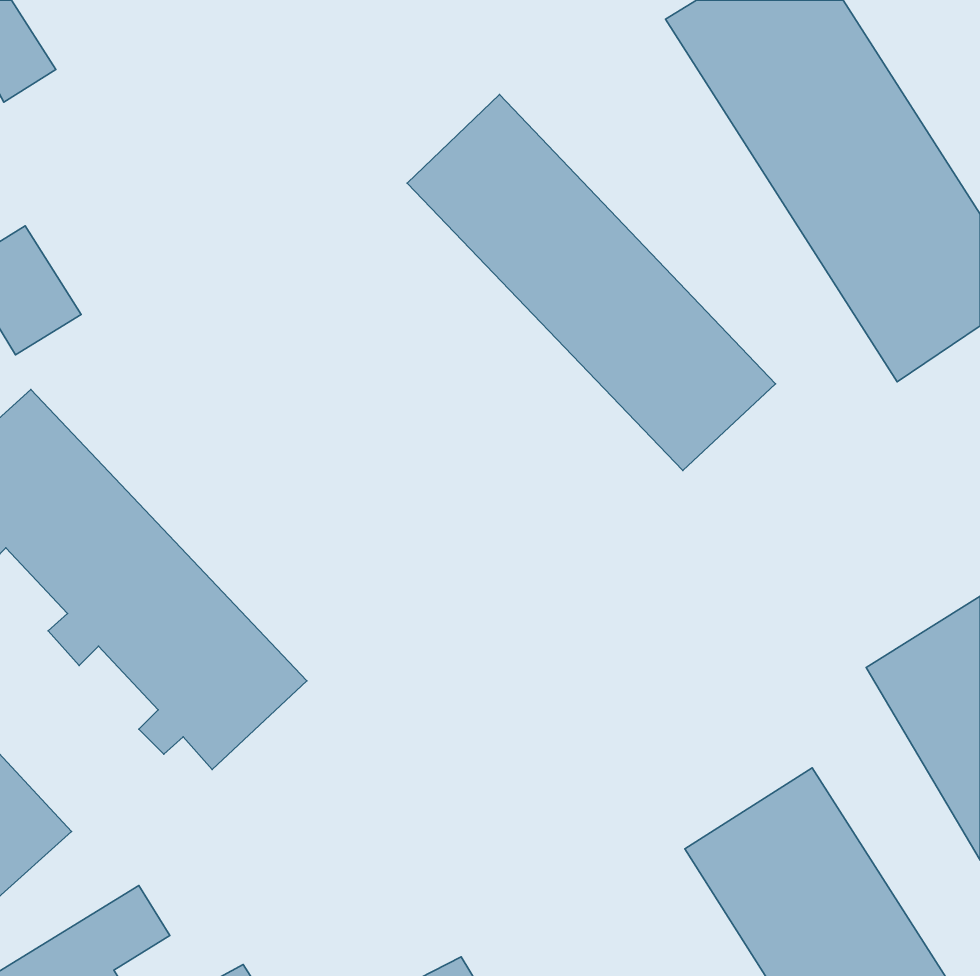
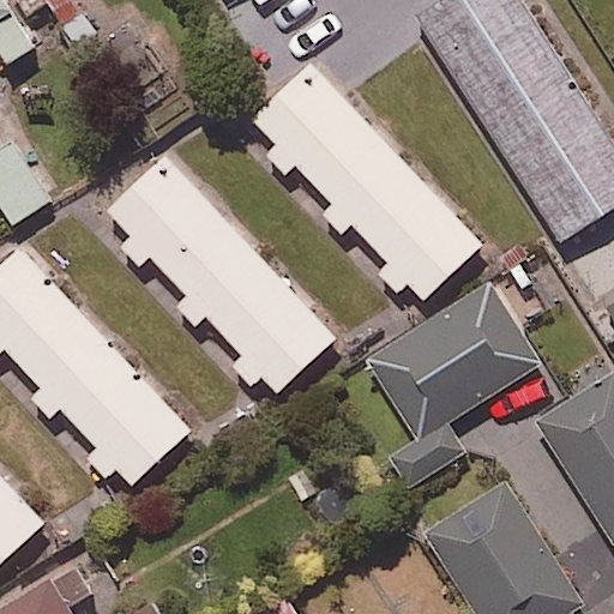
building: none -> [108,157,336,392]
building: none -> [350,284,541,496]

